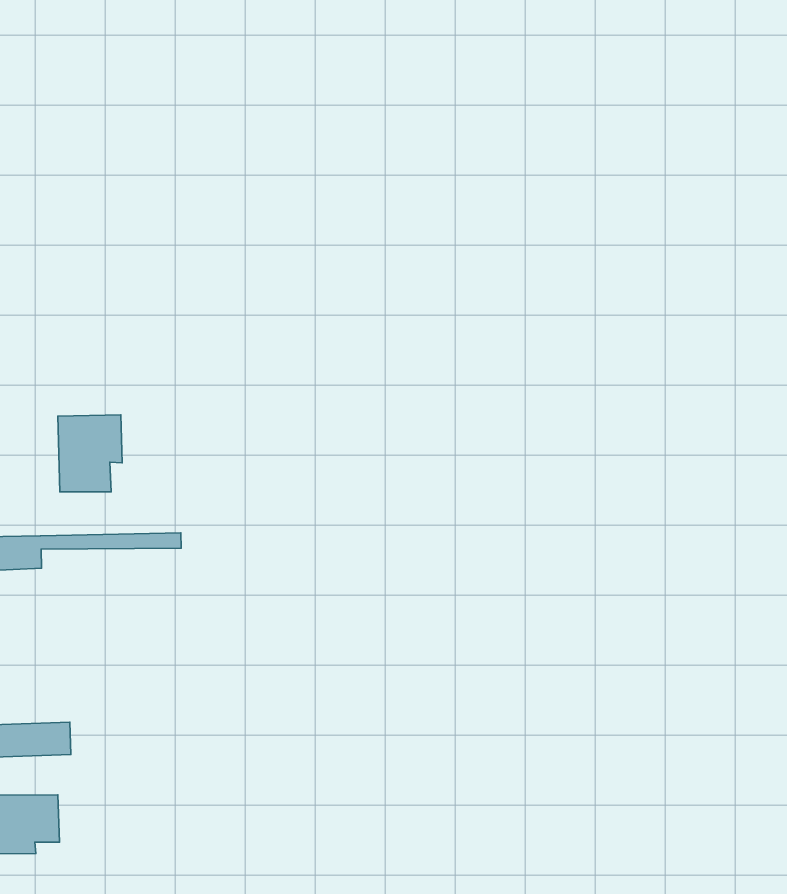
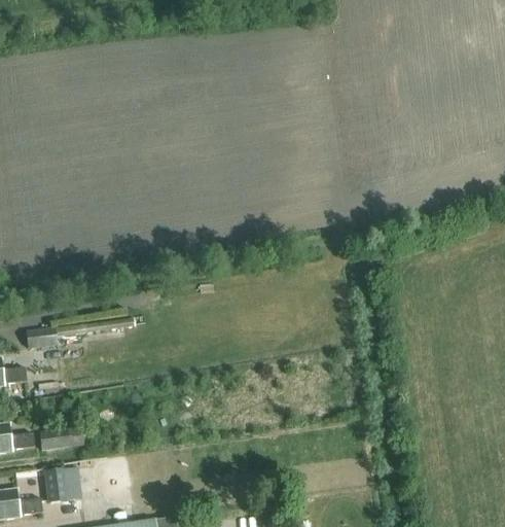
building: [58,415,122,492] -> none

